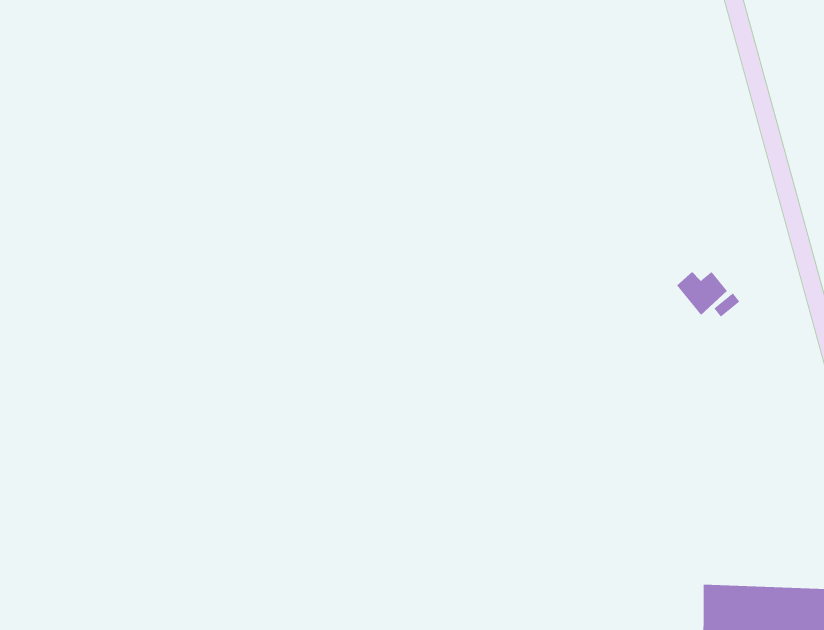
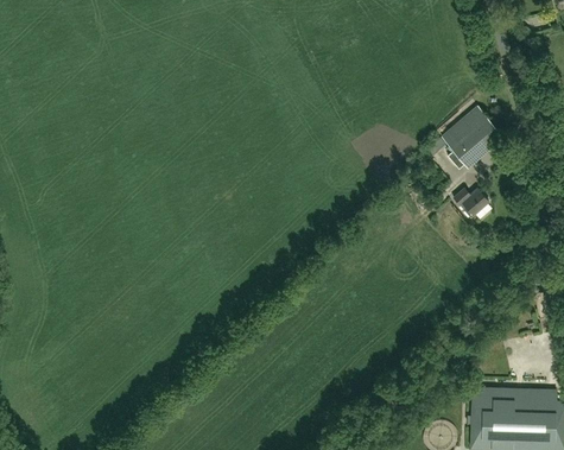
building: none -> [442,104,501,167]

